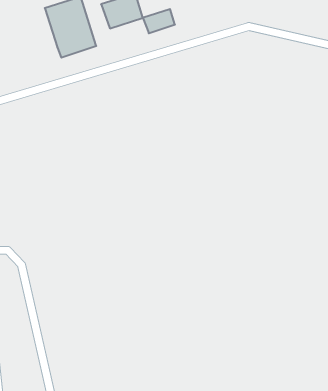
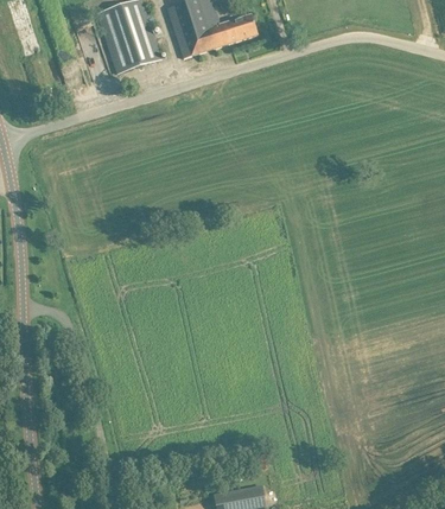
building: none -> [177,24,224,57]

